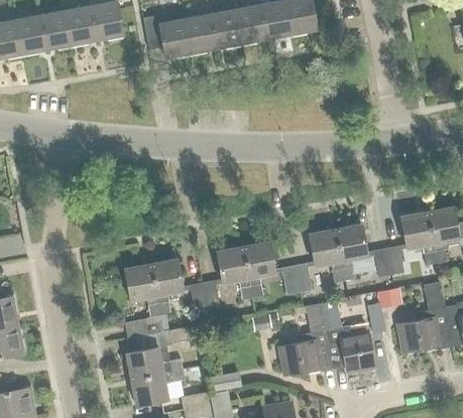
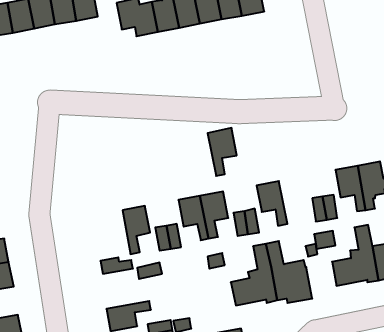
building: [335,224,369,280] -> [208,128,237,176]
building: [126,264,160,317] -> none
building: [127,345,183,380] -> none

